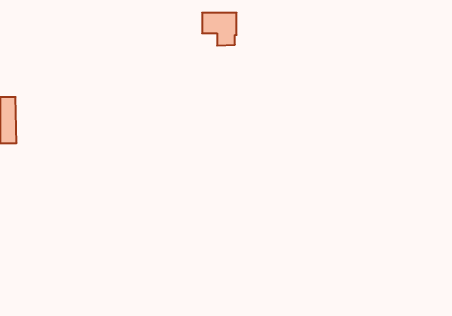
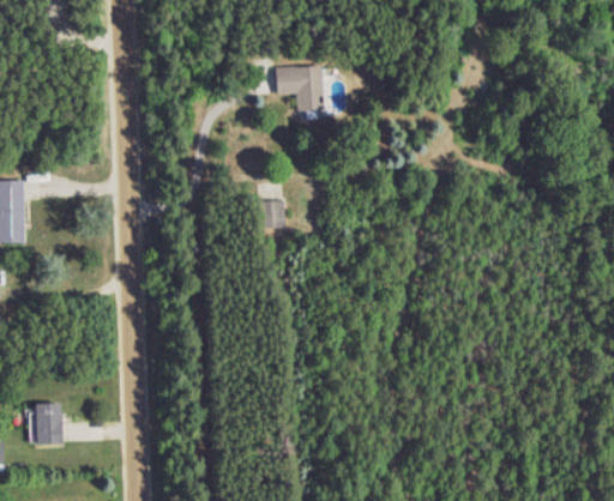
building: none -> [259,200,284,228]
building: none -> [35,403,60,443]

